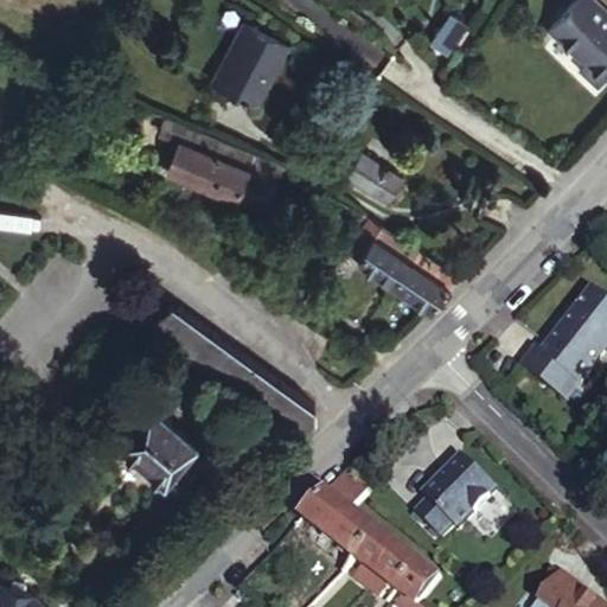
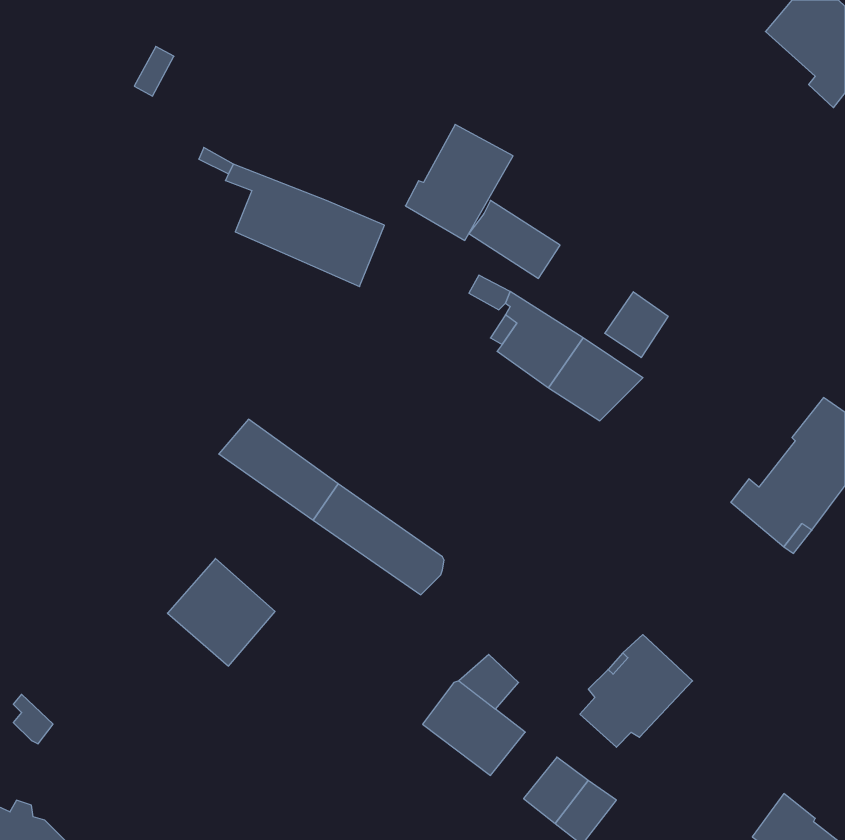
building: [202,17,279,100] -> [405,124,513,240]
building: none -> [605,292,668,358]
building: [351,529,398,576] -> none

